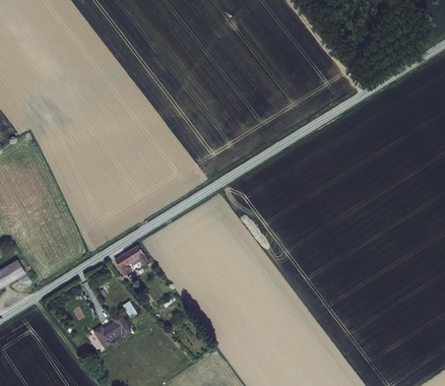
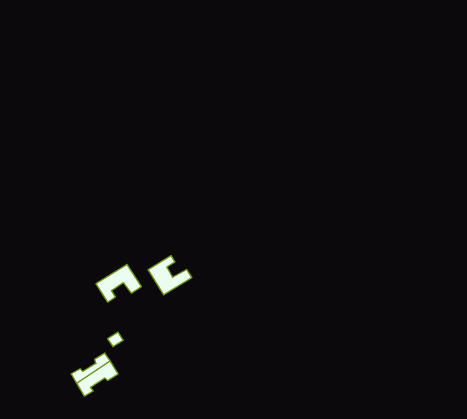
building: none -> [148,256,192,295]

